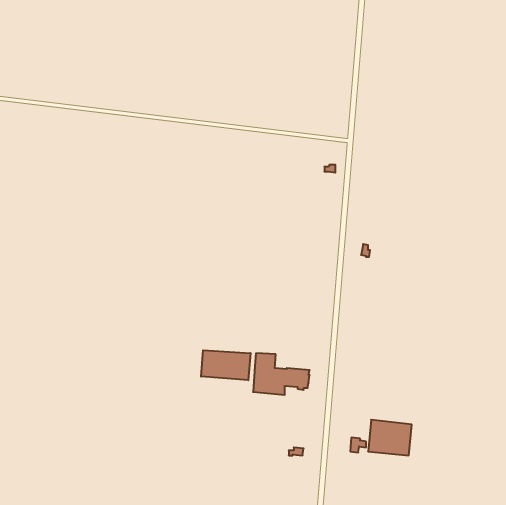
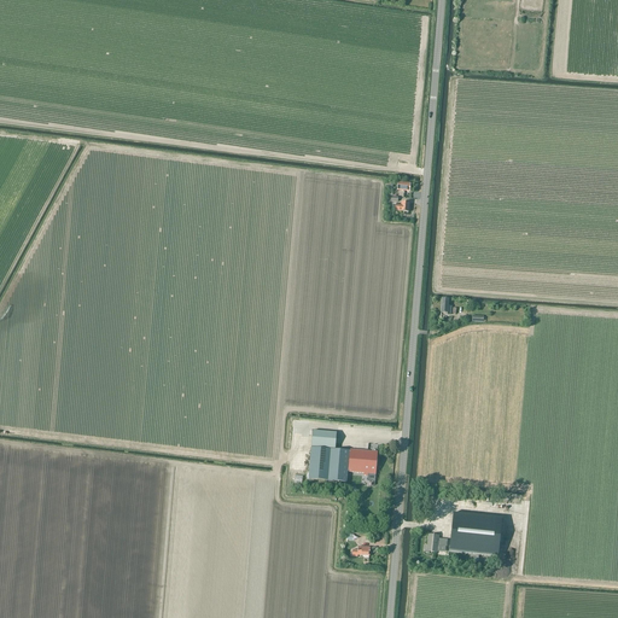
building: [201,350,251,380] -> none

